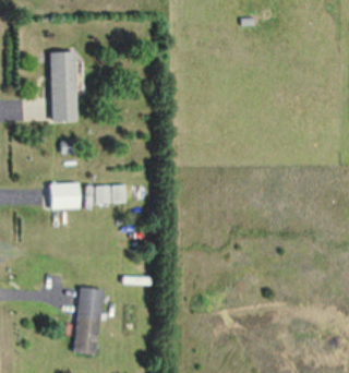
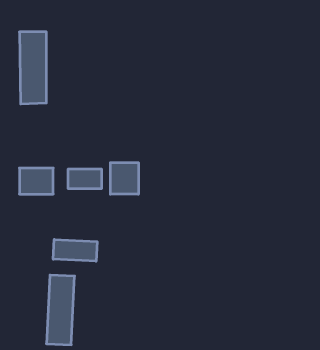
building: none -> [110,163,138,194]
building: none -> [53,239,97,261]

